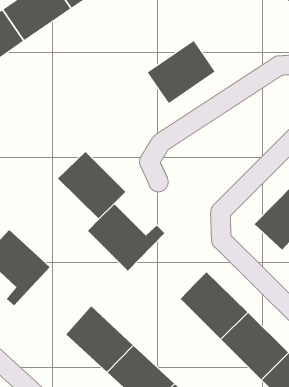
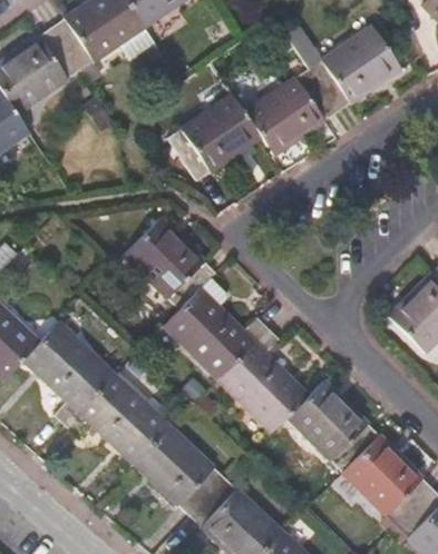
building: none -> [308,26,401,111]
building: none -> [167,93,261,181]
building: none -> [218,328,309,432]
building: none -> [66,374,169,464]

